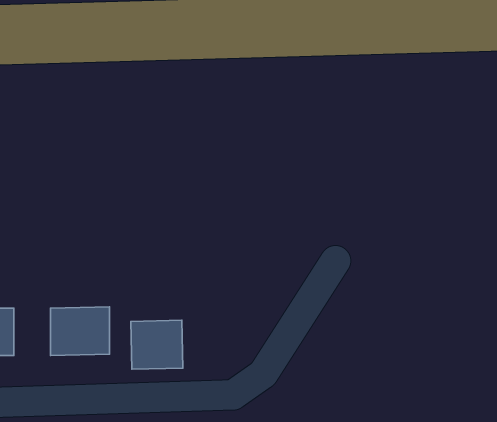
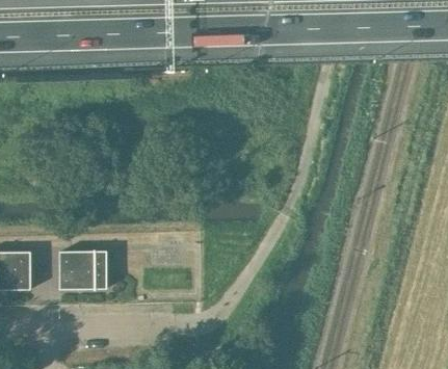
building: [131,320,183,369] -> none

